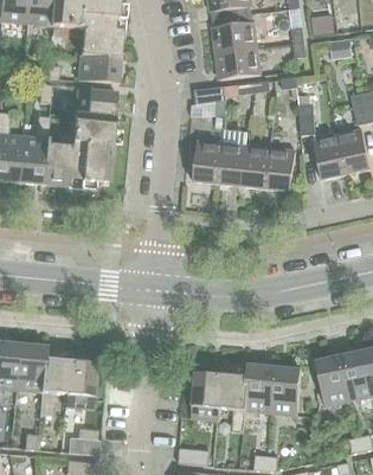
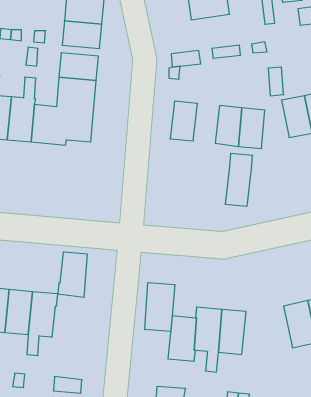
building: [216,46,261,78] -> none
building: [218,128,247,185] -> [225,153,253,206]
building: none -> [145,283,175,331]
building: [64,360,96,409] -> [58,252,87,297]
building: [270,366,301,415] -> none

